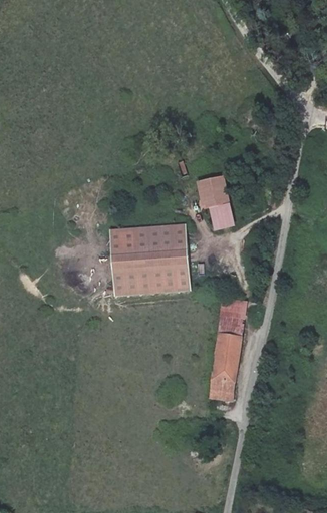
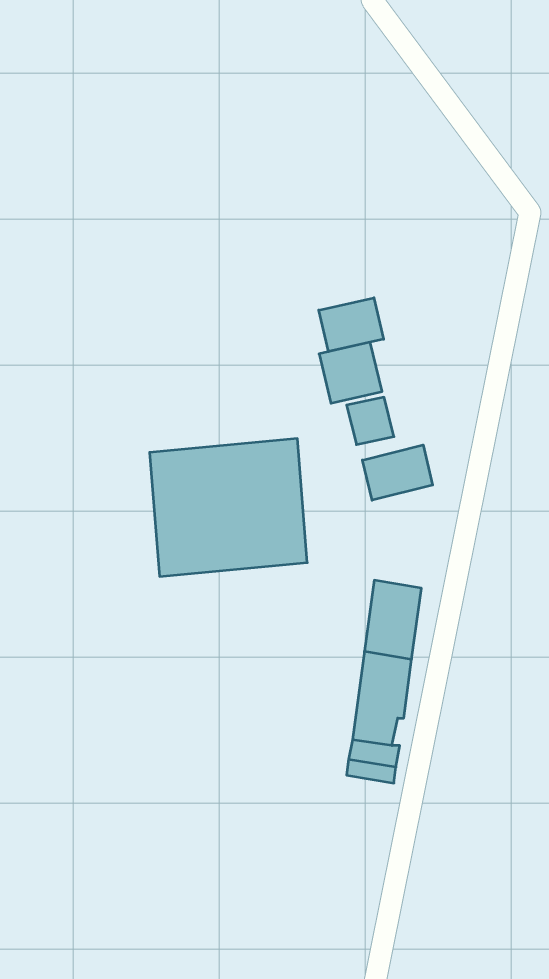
building: none -> [319,298,384,352]
building: none -> [362,445,433,500]

